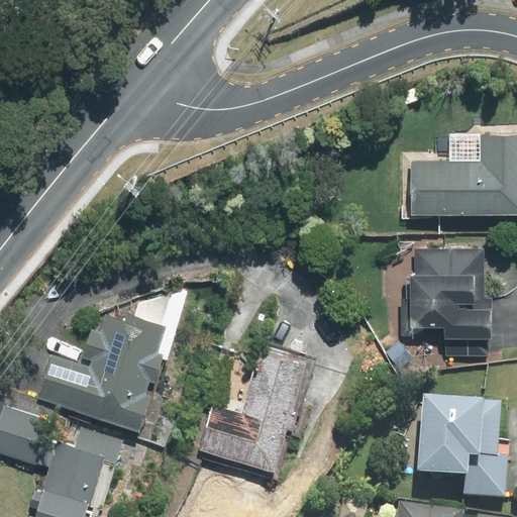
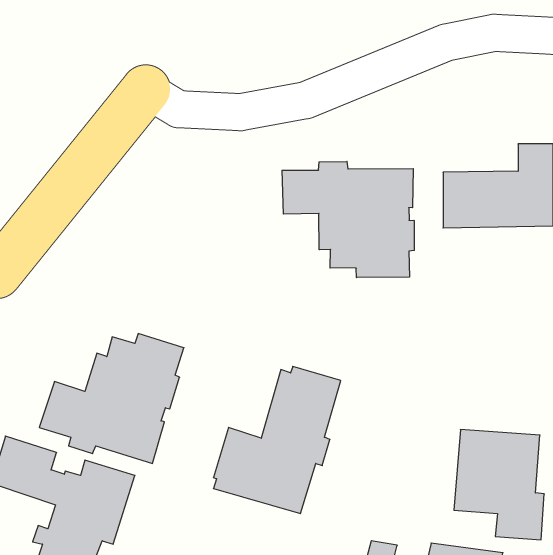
building: none -> [282,161,414,278]
building: [400,246,498,356] -> none

